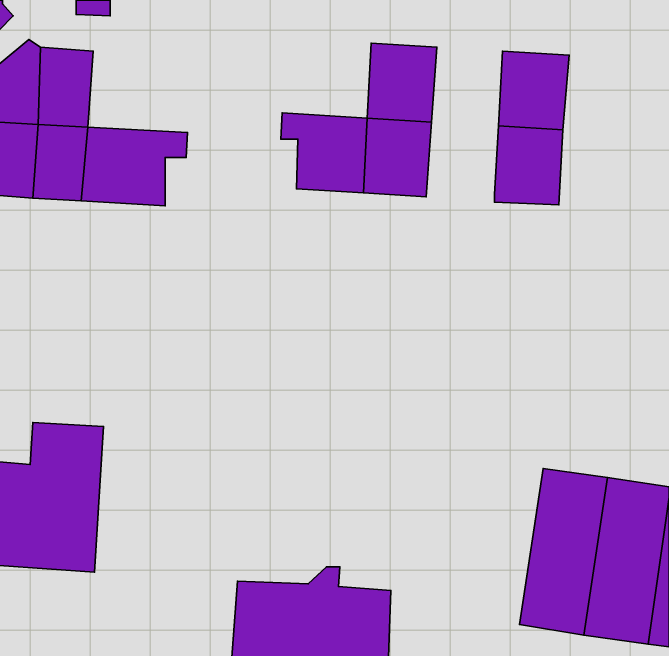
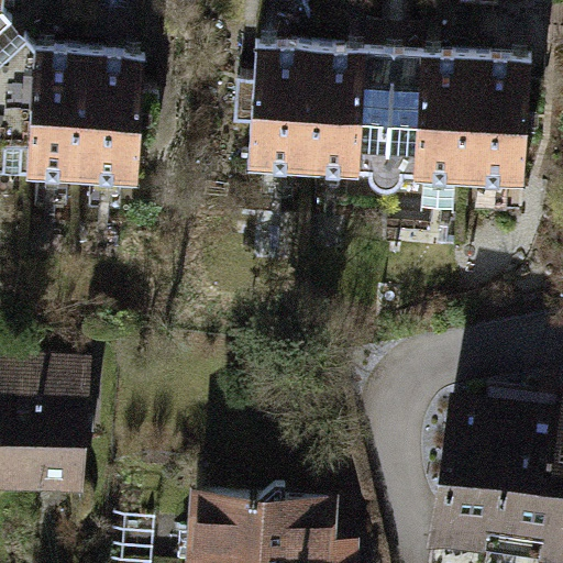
building: none -> [236,45,311,111]
building: none -> [358,52,421,191]
building: none -> [74,55,157,123]
building: none -> [468,58,531,187]

